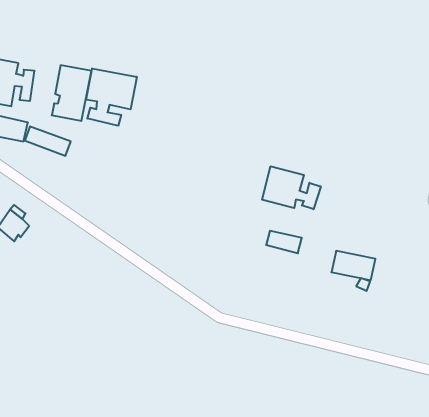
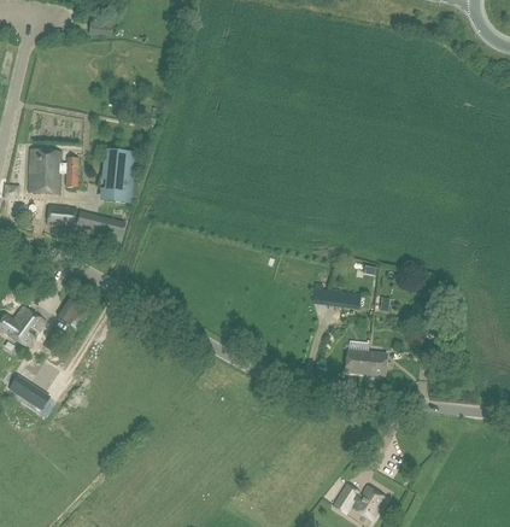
building: [86,68,137,126] -> none
building: [262,166,321,209] -> none
building: [331,251,375,280] -> [344,349,386,374]

